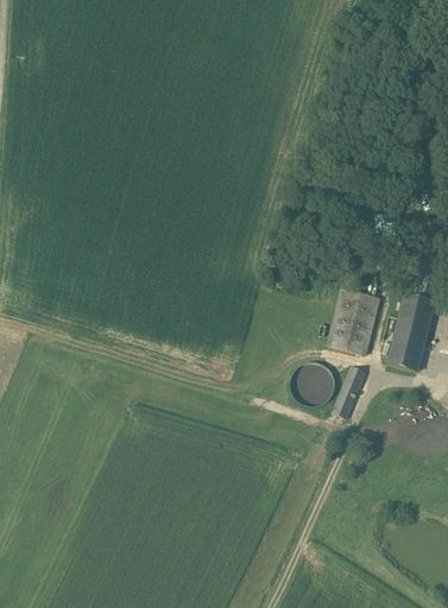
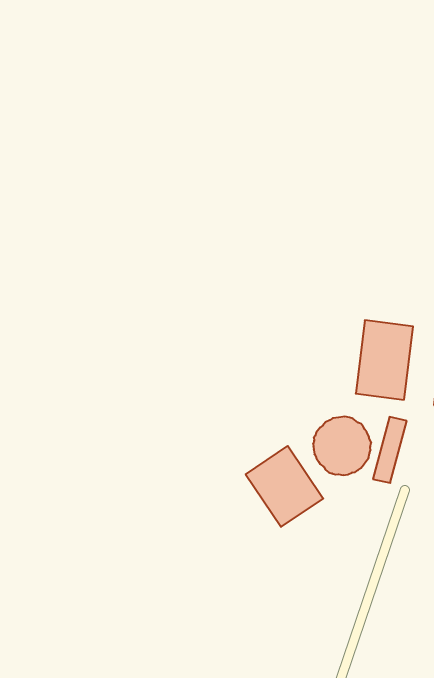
building: none -> [246,446,323,527]

